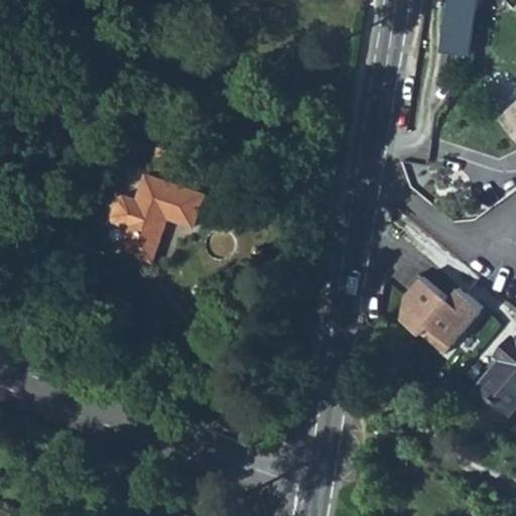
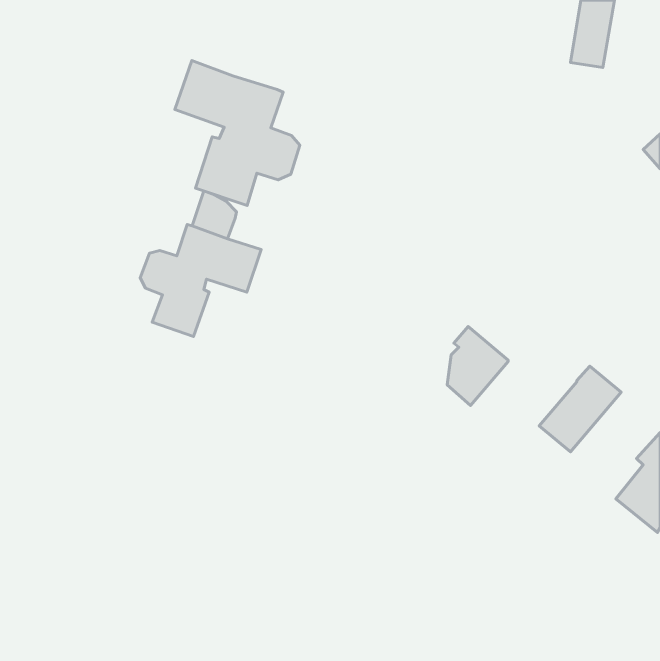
building: none -> [175,61,300,205]
building: [400,271,447,333] -> [447,326,508,406]

